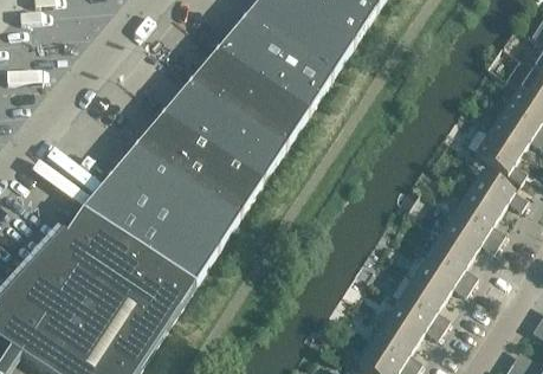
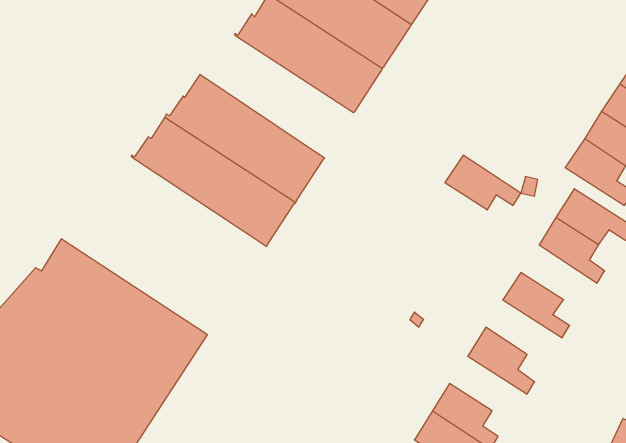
building: [190,47,310,143] -> none
building: [83,142,243,280] -> none
building: [440,211,499,253] -> [445,155,521,210]
building: [413,253,472,296] -> none
building: [384,297,445,340] -> none

